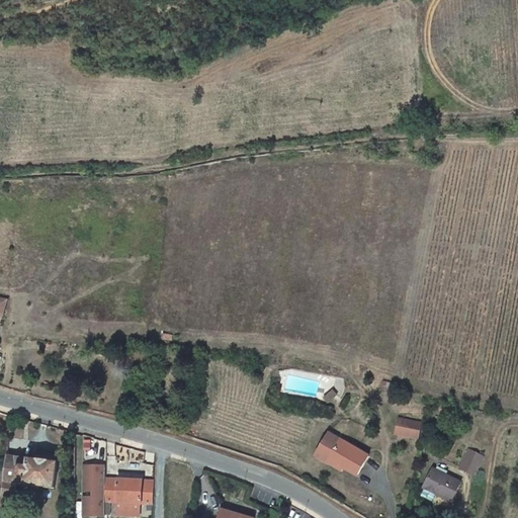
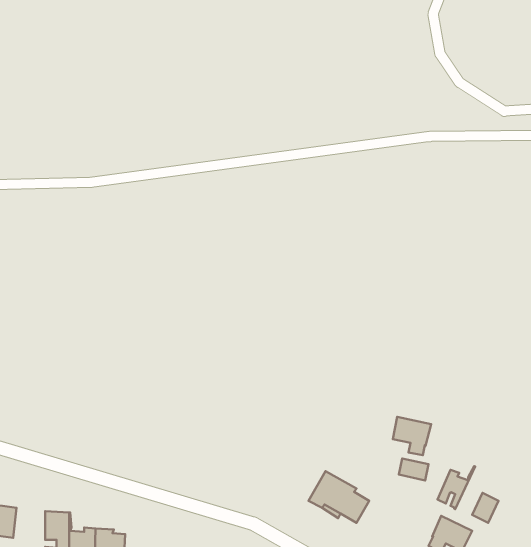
building: none -> [393,417,431,455]
building: none -> [438,466,475,509]

